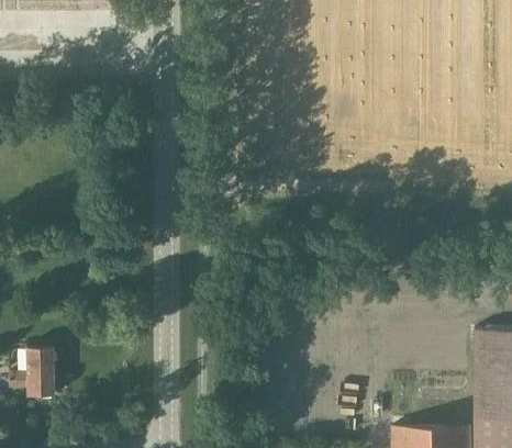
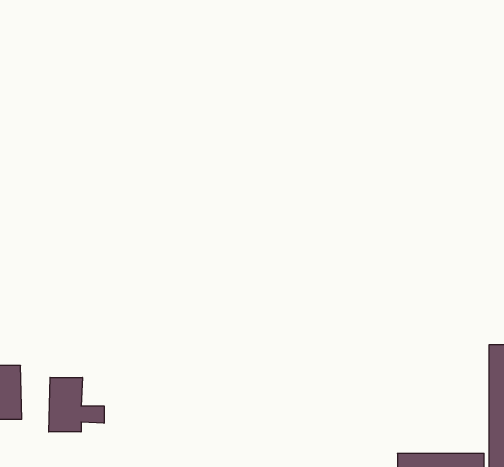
building: none -> [49,377,104,432]

